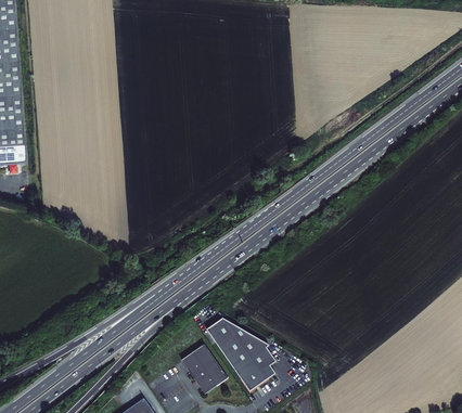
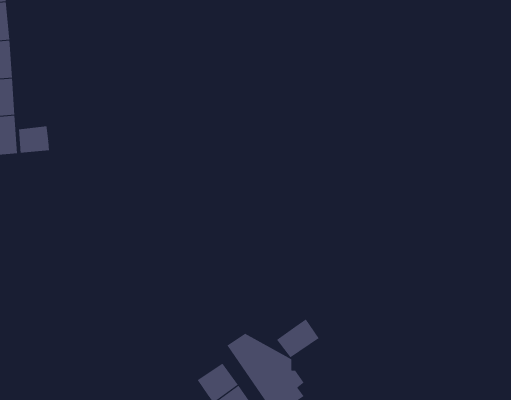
building: none -> [18,126,50,153]
building: none -> [276,318,320,358]

